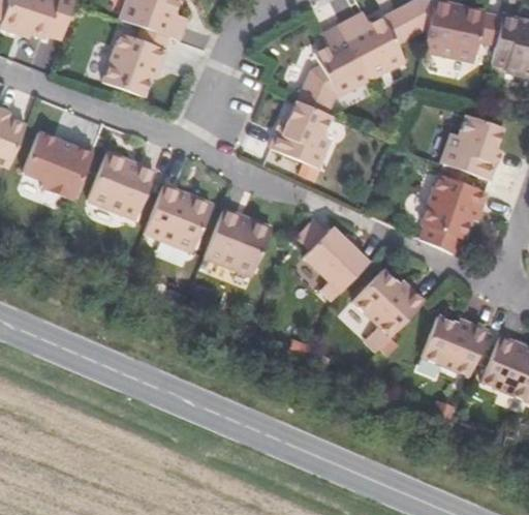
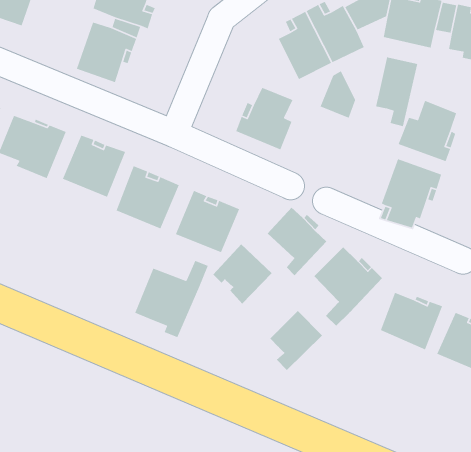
building: [298,64,336,115] -> [319,70,356,119]
building: none -> [375,56,418,127]
building: none -> [213,244,272,305]
building: none -> [134,260,209,338]
building: none -> [269,310,323,371]

